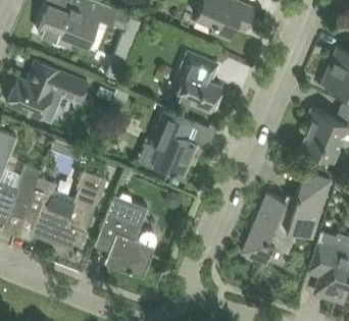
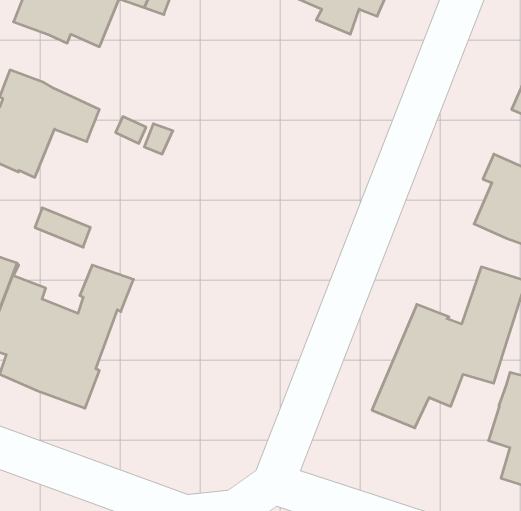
building: [176,50,221,110] -> none
building: [150,111,197,176] -> none
building: [95,193,156,276] -> none

